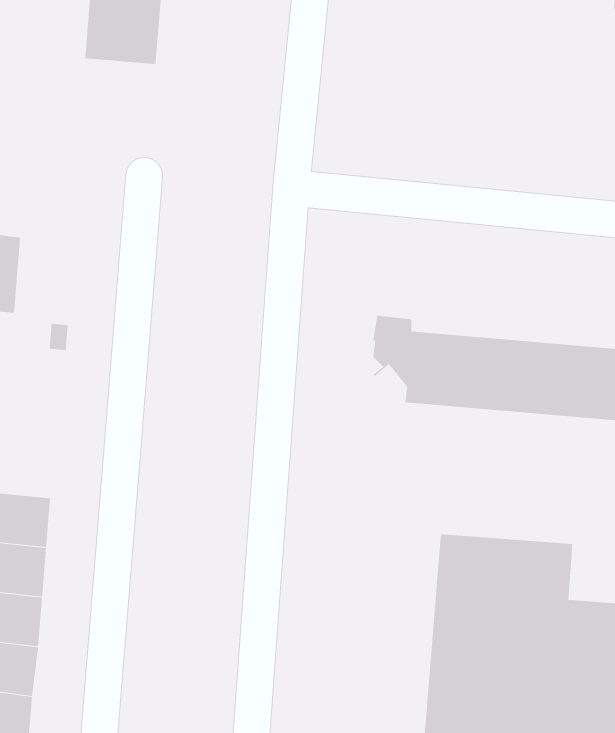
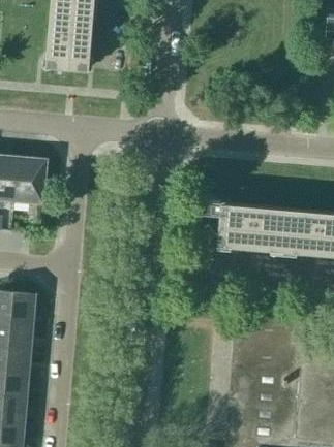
building: none -> [14,160,44,201]

